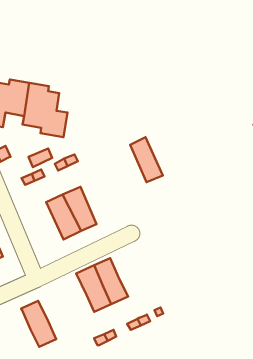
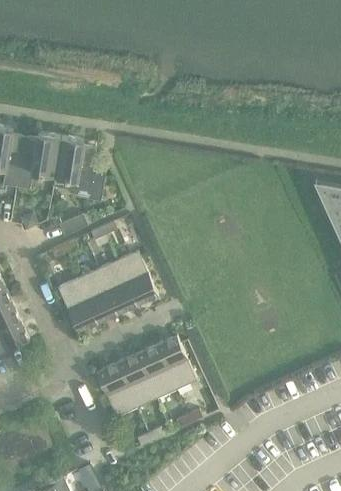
building: [130,137,163,182] -> [119,251,157,304]
building: none -> [56,278,99,332]
building: none -> [154,335,195,389]
building: [21,301,56,347] -> [94,362,135,416]

